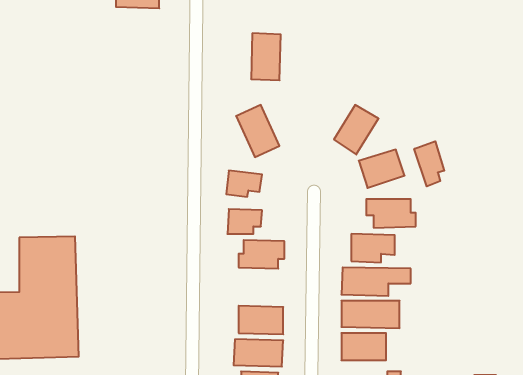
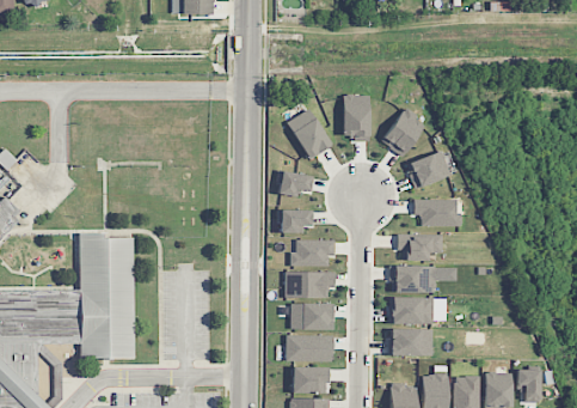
building: [251,33,281,80] -> [342,93,370,139]
building: [414,141,444,186] -> none
building: none -> [286,270,334,297]

